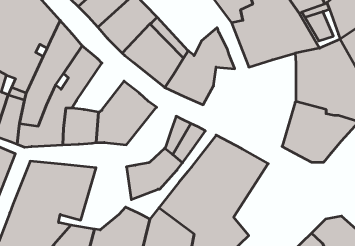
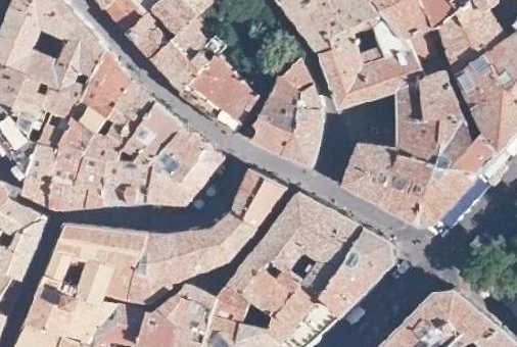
building: none -> [123,102,182,163]
building: none -> [281,107,321,166]
building: none -> [341,143,397,206]
building: none -> [320,228,394,317]
building: none -> [128,232,191,301]

